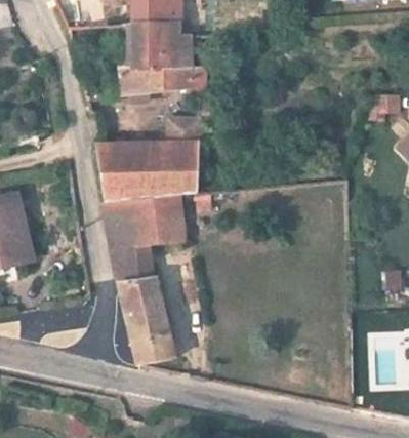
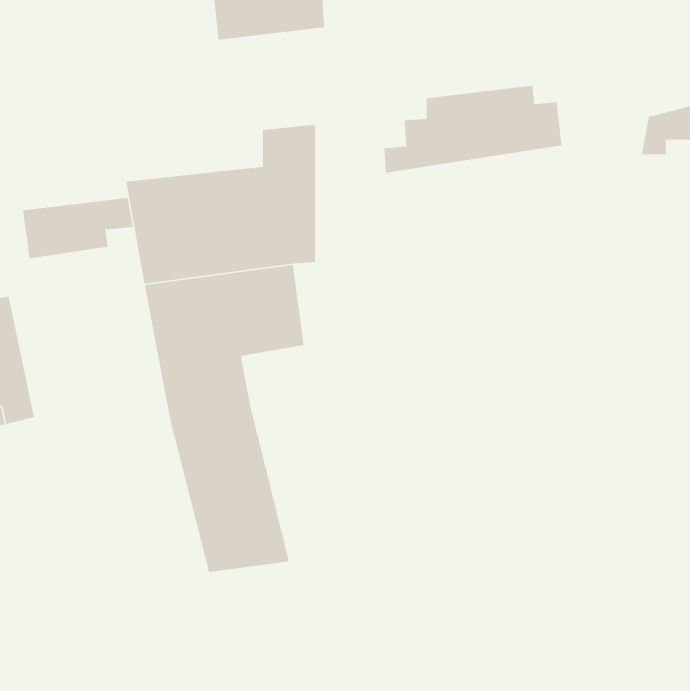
building: [114,53,213,103] -> [383,85,563,174]
building: none -> [22,197,134,259]

